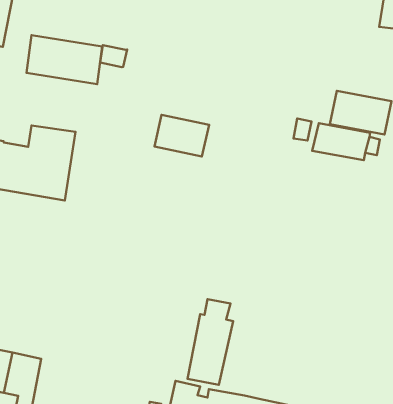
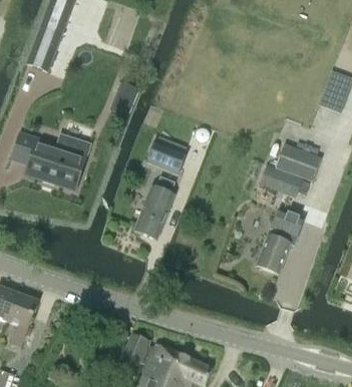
building: [26,35,102,84] -> none
building: none -> [256,209,304,273]
building: [187,299,233,385] -> [134,175,174,239]

